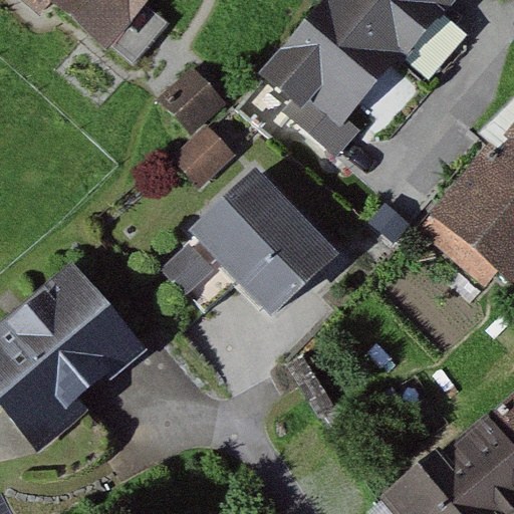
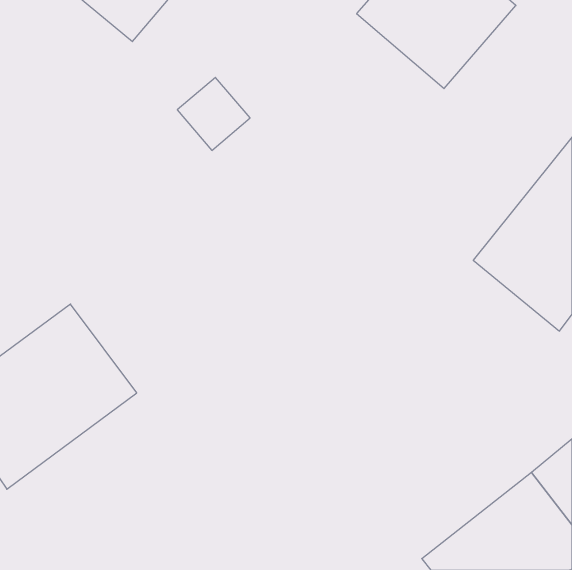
building: [255,12,398,155] -> none
building: [192,168,339,316] -> none

